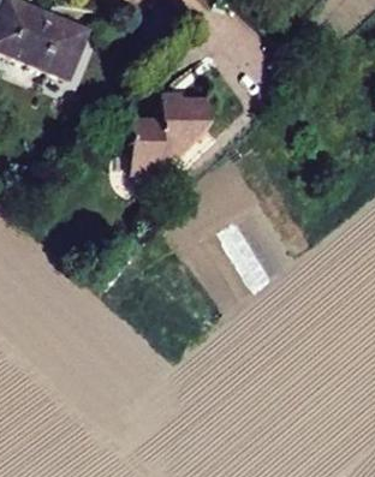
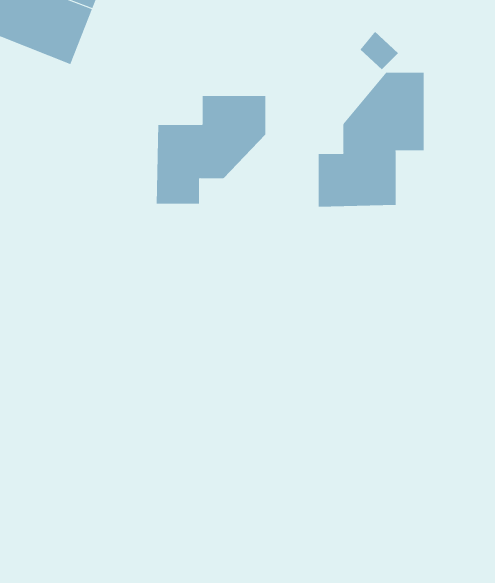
building: none -> [318,72,424,207]

